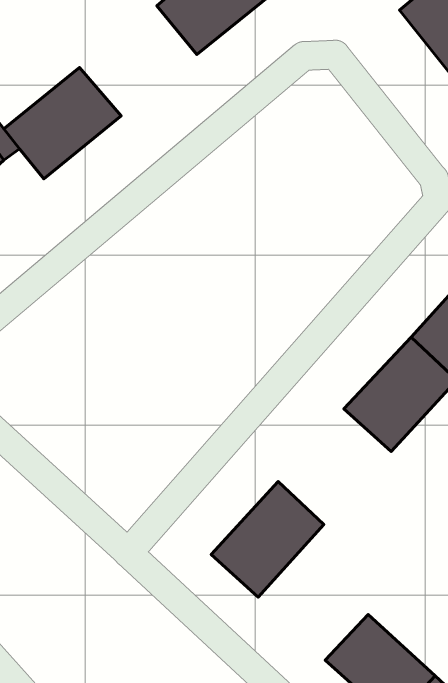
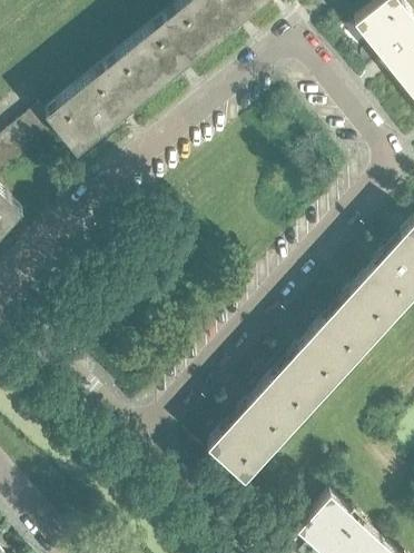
building: none -> [104,19,195,105]
building: none -> [258,333,346,423]

